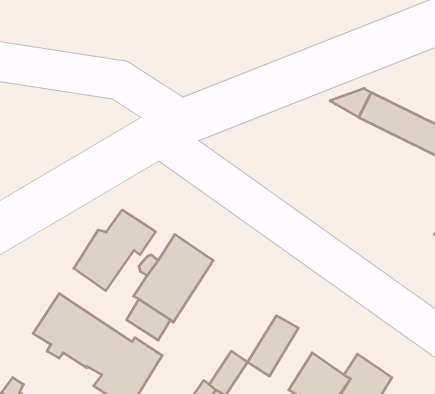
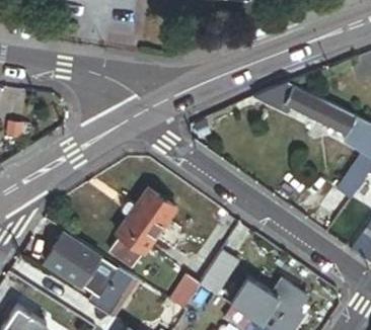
building: [74,210,155,291] -> none

